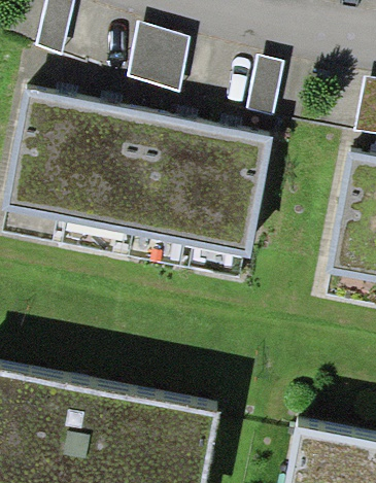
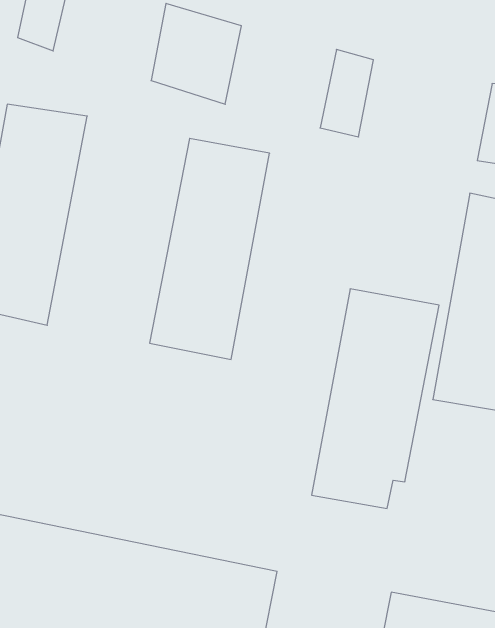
building: [57,98,156,255] -> none
building: [184,124,273,276] -> [312,289,439,508]

